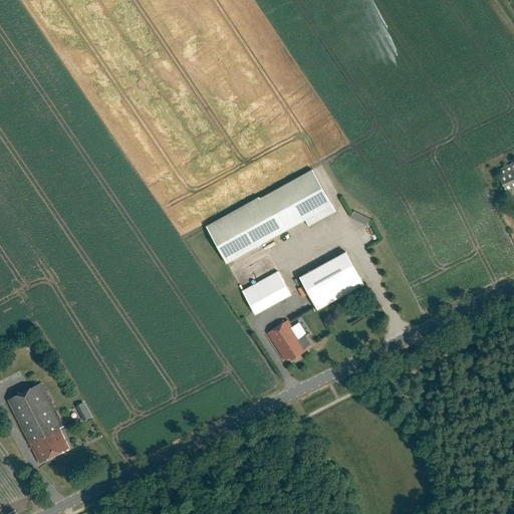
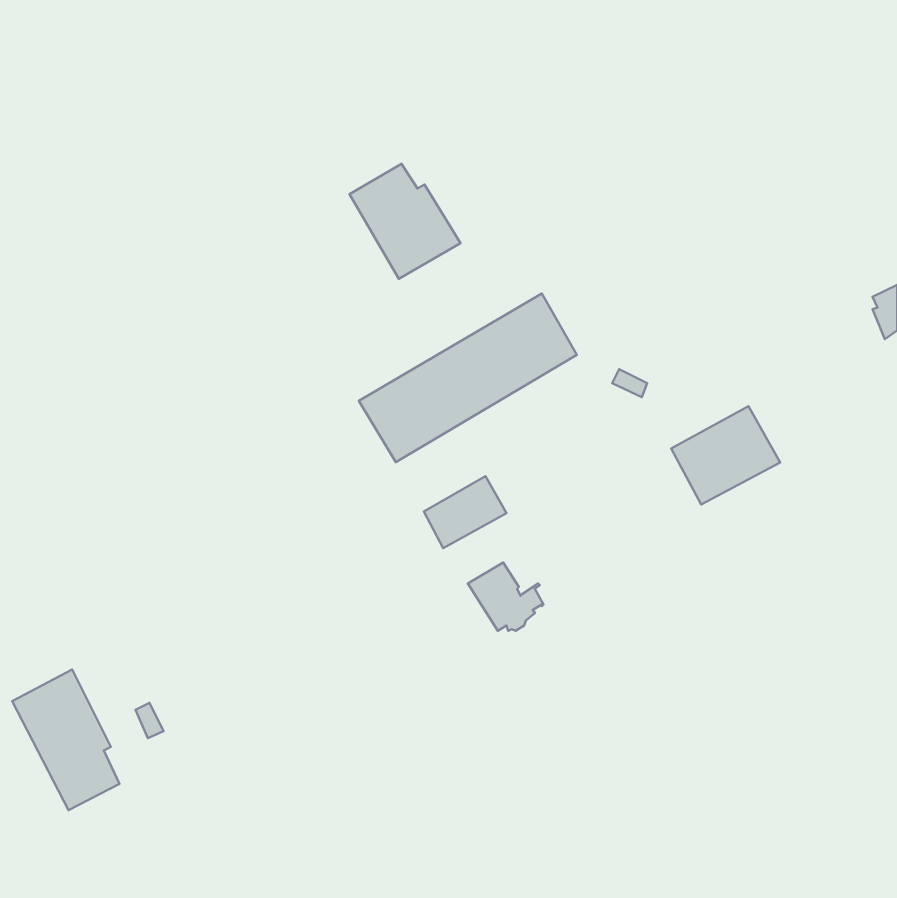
building: none -> [349,164,460,279]
building: [300,253,362,309] -> [671,406,780,505]

